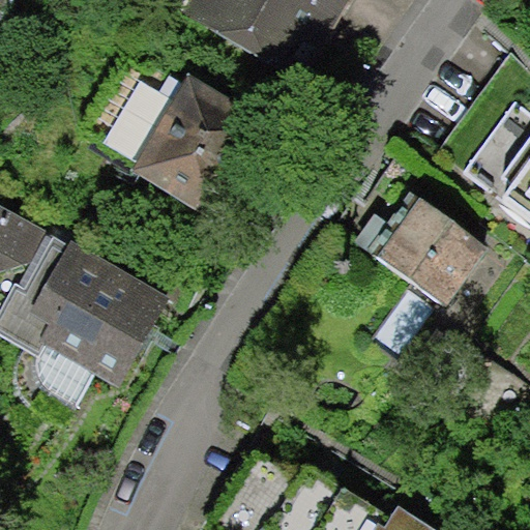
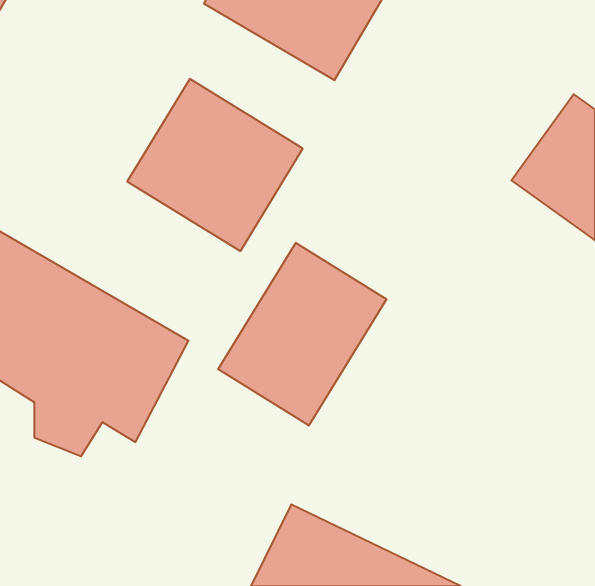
building: [375,197,483,302] -> none
building: none -> [218,243,386,426]

